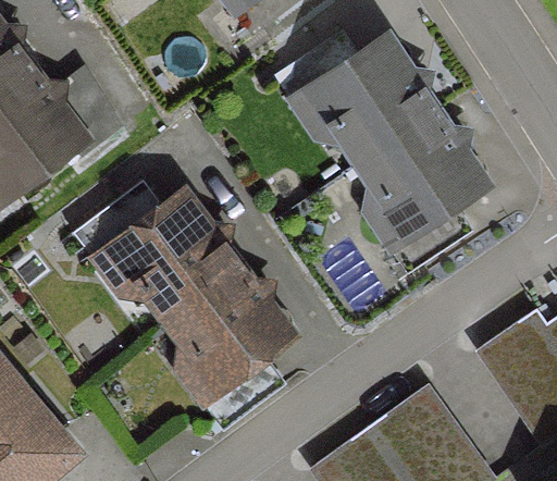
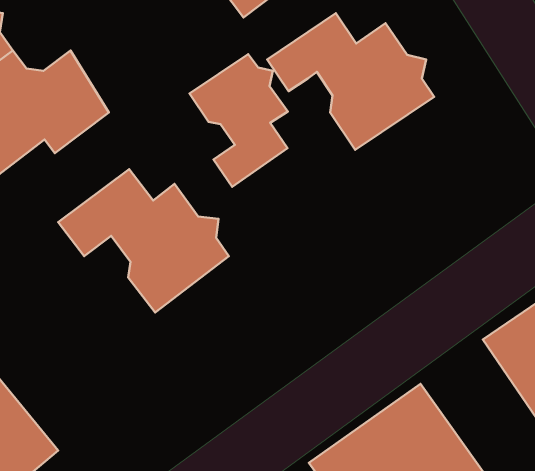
building: none -> [190,54,288,187]
building: [357,113,480,275] -> none
building: [164,267,286,432] -> none

